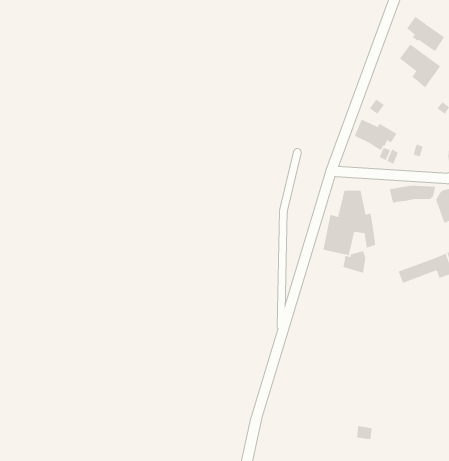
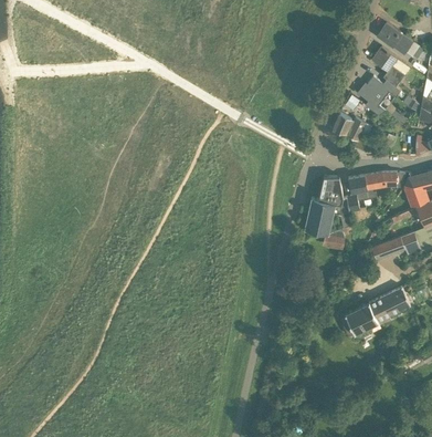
building: none -> [358,76,401,114]
building: none -> [348,175,377,210]
building: none -> [339,287,410,336]

